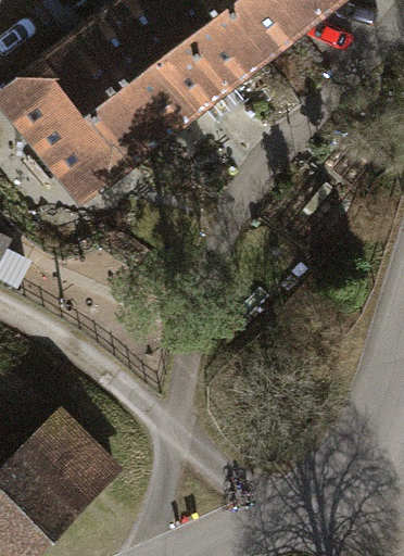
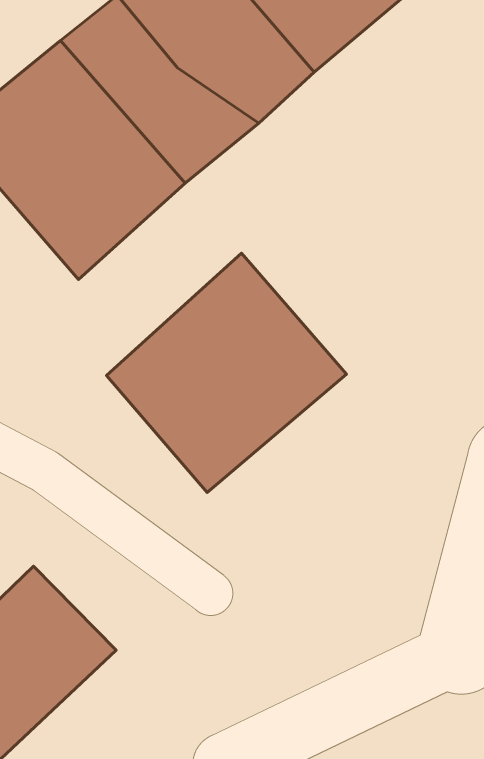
building: none -> [106,253,347,492]

